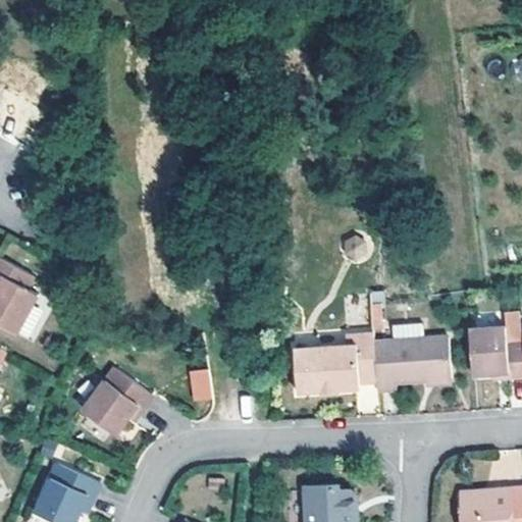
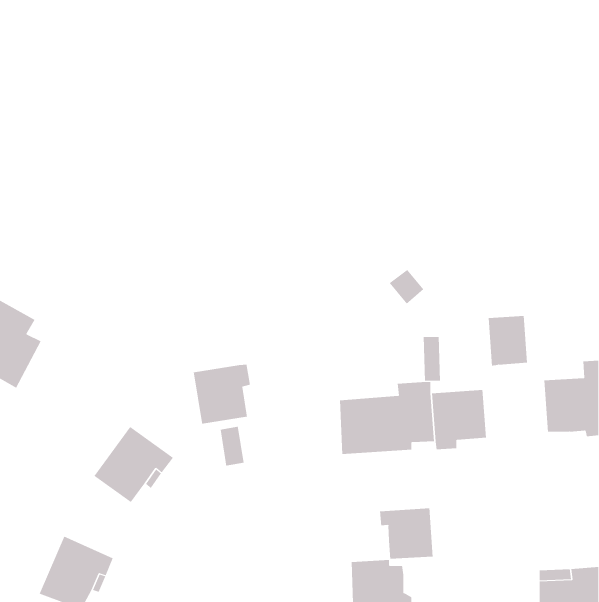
building: none -> [193,364,251,424]
building: [417,335,452,379] -> [488,316,528,366]
building: none -> [380,508,433,560]

